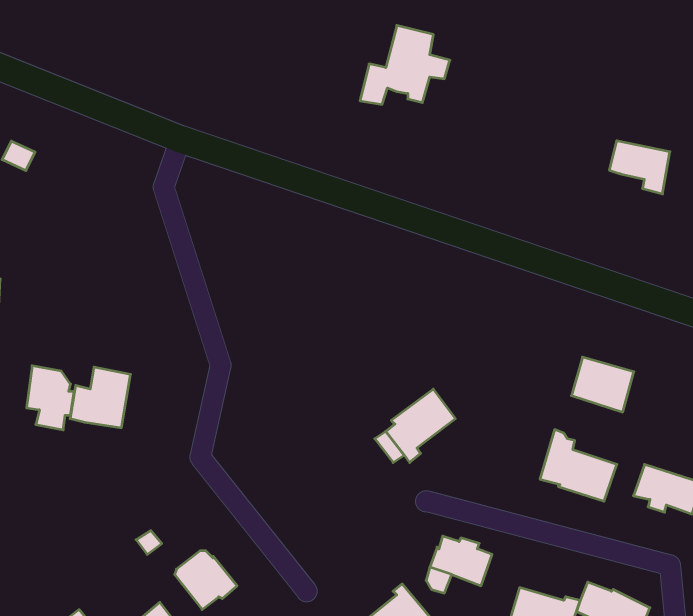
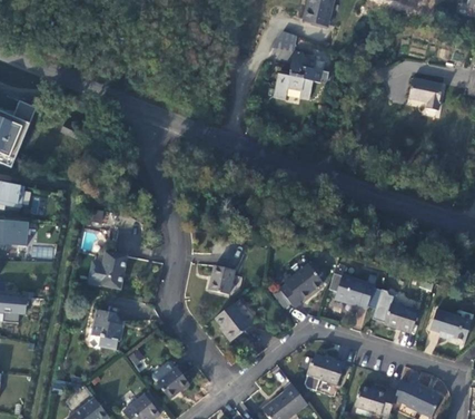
building: [609,141,670,194] -> [407,78,444,110]
building: [571,357,634,412] -> [336,275,374,309]
building: [27,366,74,430] -> [93,310,122,349]
building: none -> [208,265,234,294]
building: none -> [215,303,251,342]

